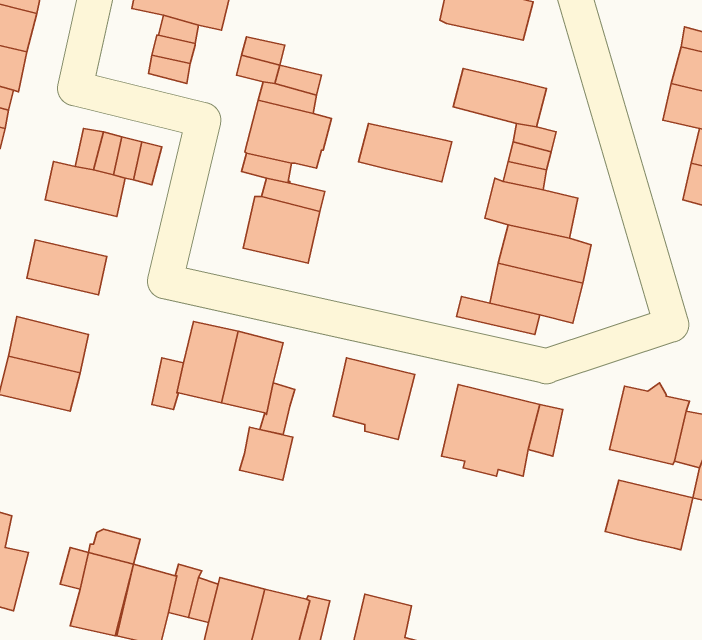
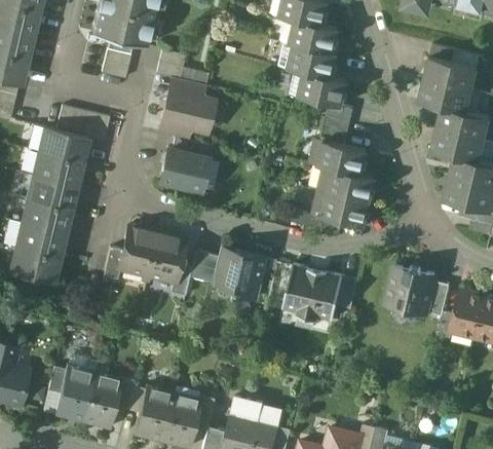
building: [358,124,452,182] -> [279,42,337,78]
building: none -> [32,151,82,186]
building: none -> [21,199,71,234]
building: [239,427,293,480] -> [189,252,222,285]
building: [605,480,693,550] -> none

